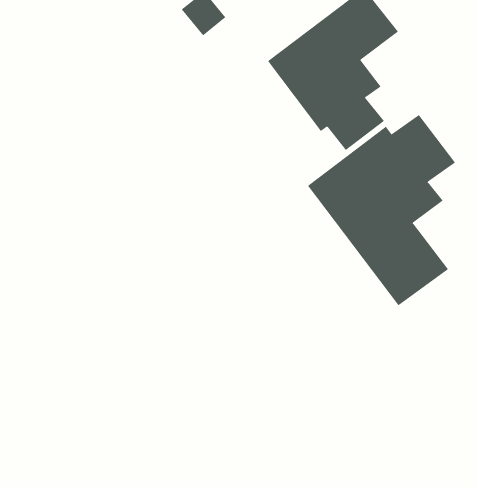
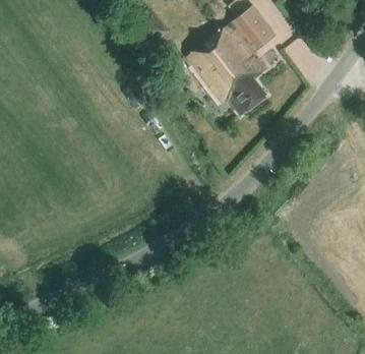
building: [307,114,456,306] -> none

